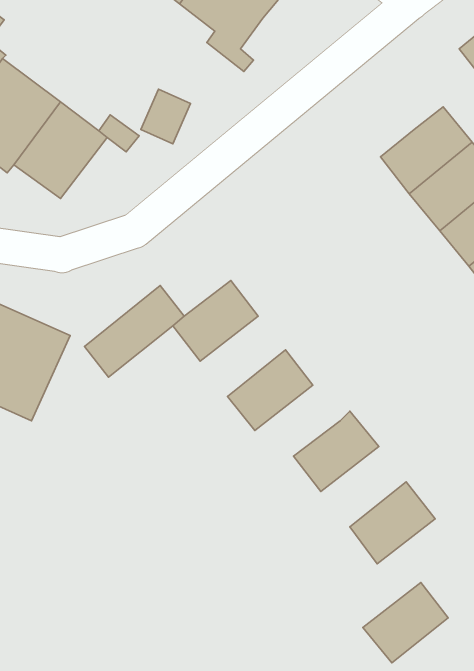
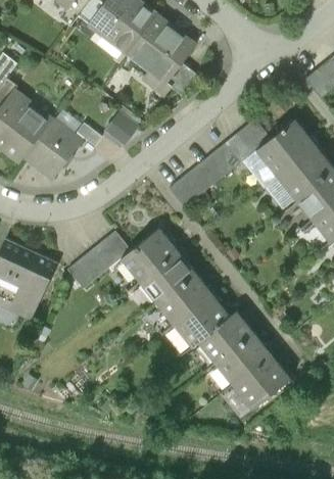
building: none -> [165,62,198,96]
building: none -> [169,115,276,208]
building: none -> [140,251,194,302]
building: none -> [175,295,229,346]
building: [363,582,448,663] -> [217,334,271,385]

